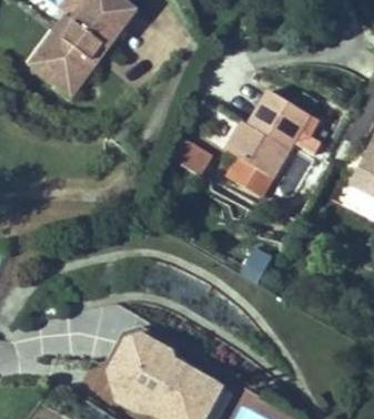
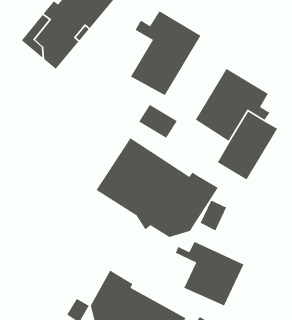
building: none -> [130,10,202,96]
building: none -> [96,137,219,238]
building: none -> [175,241,244,307]

